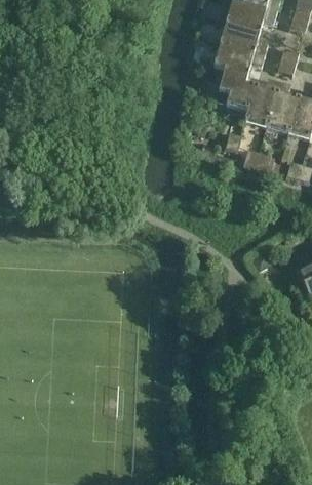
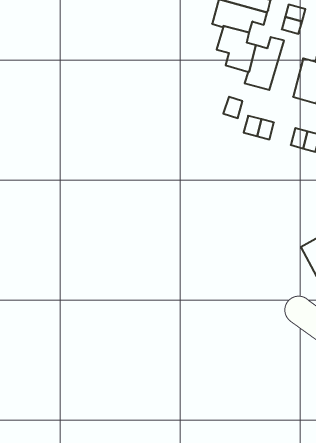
building: [267,81,298,132] -> none

